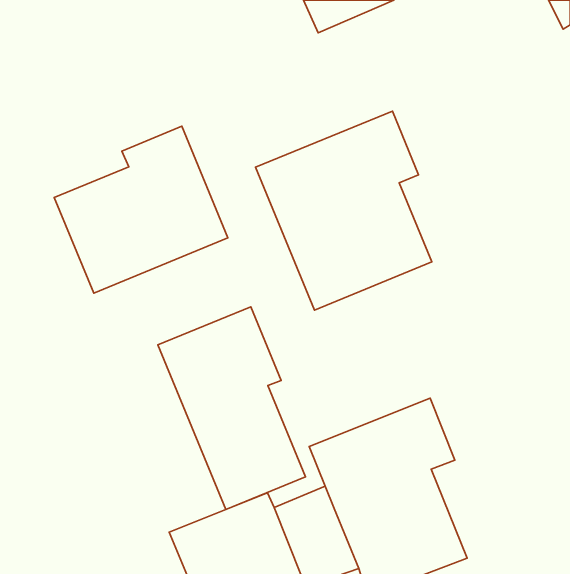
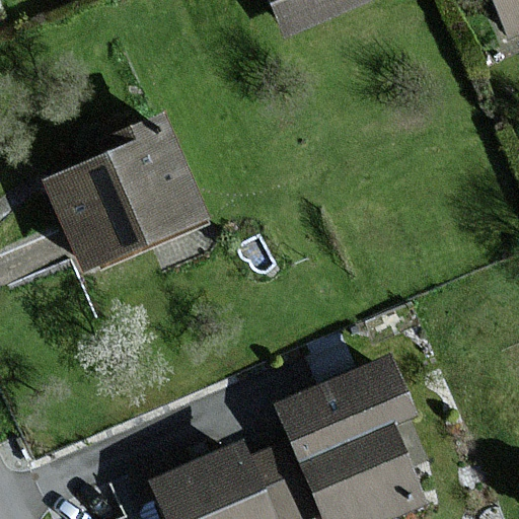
building: [256,111,432,310] -> none
building: [158,307,305,510] -> none

